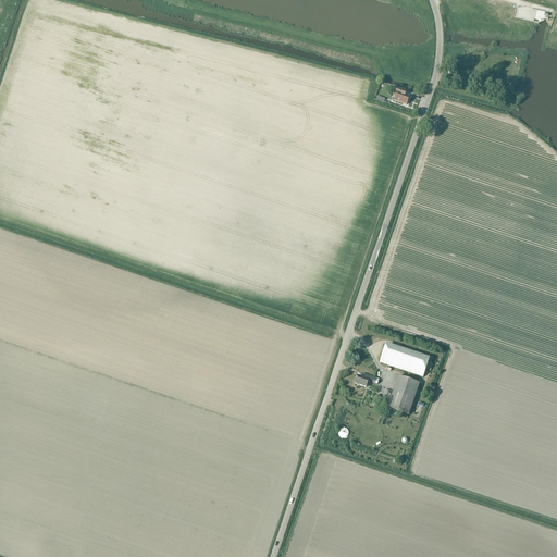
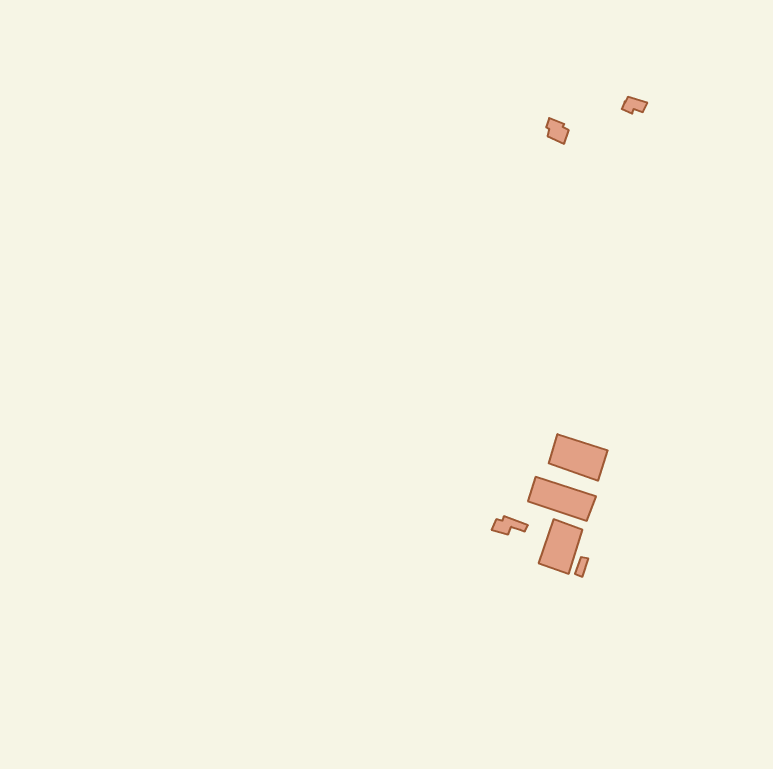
building: none -> [549,434,608,481]

